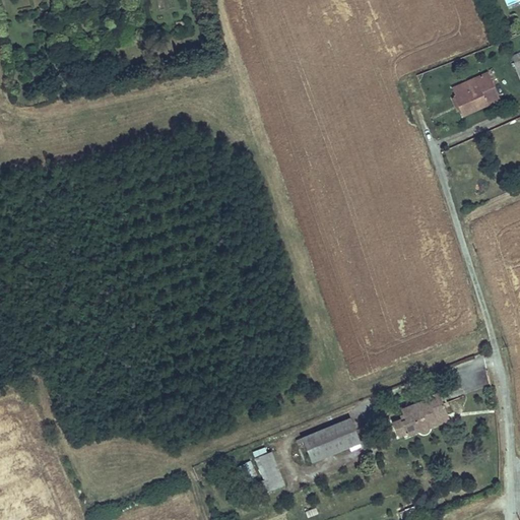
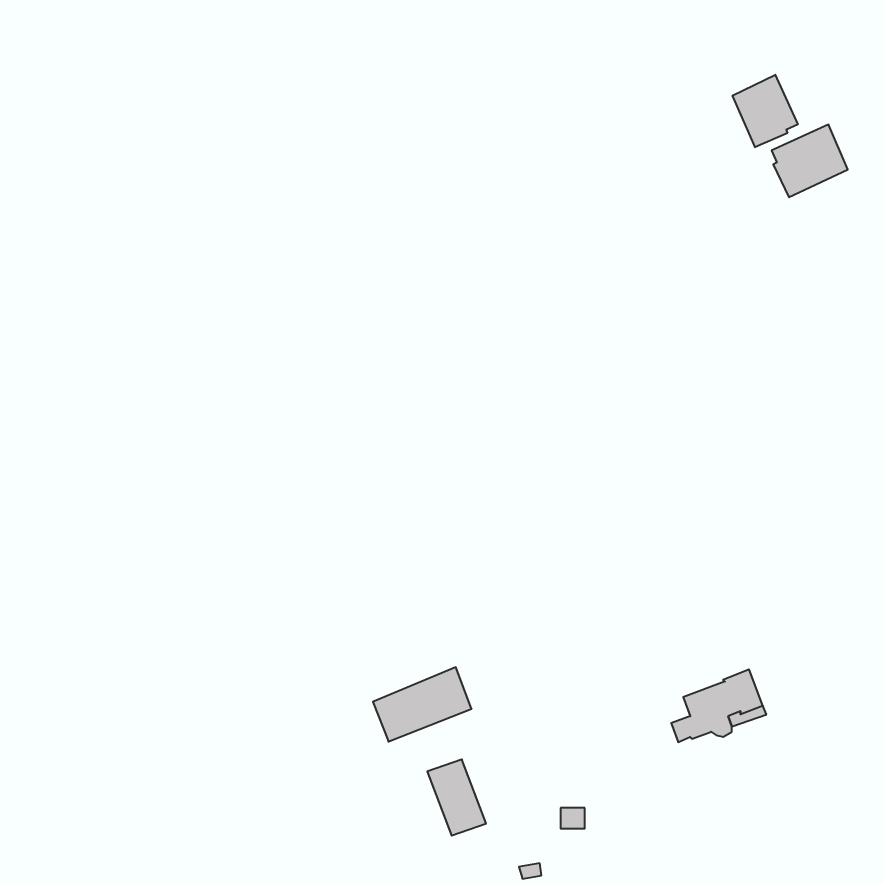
building: none -> [733,75,798,147]
building: [302,417,360,461] -> [373,667,472,742]

